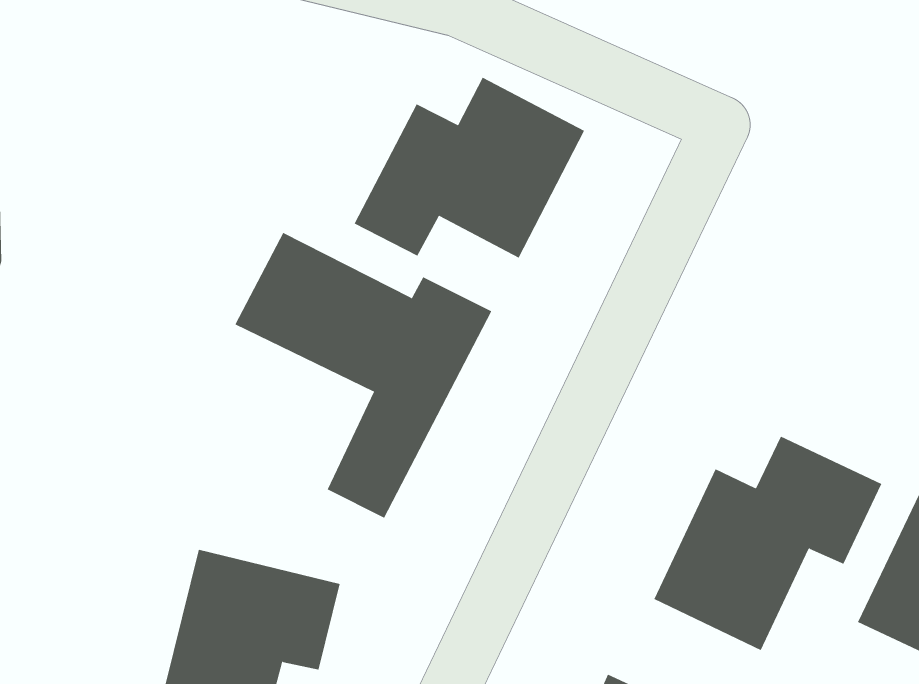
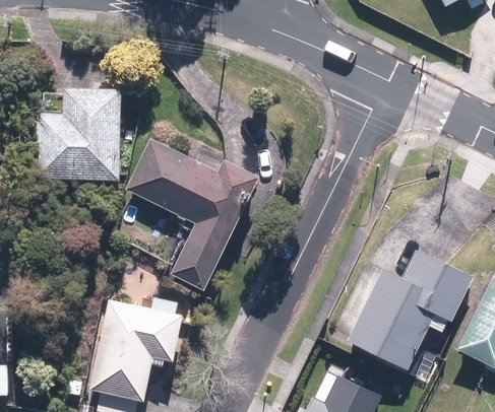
building: [354,77,585,258] -> none
building: none -> [34,96,120,187]

